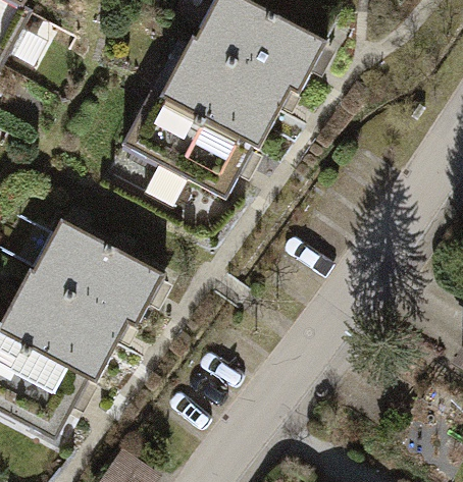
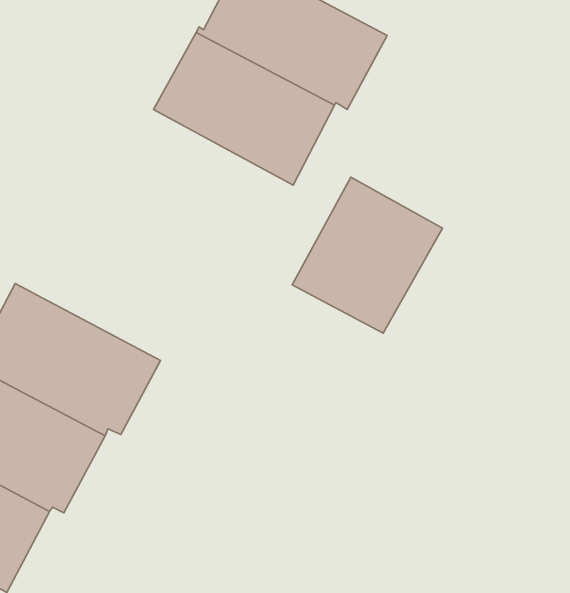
building: [121,89,259,205] -> none
building: none -> [292,177,443,333]

